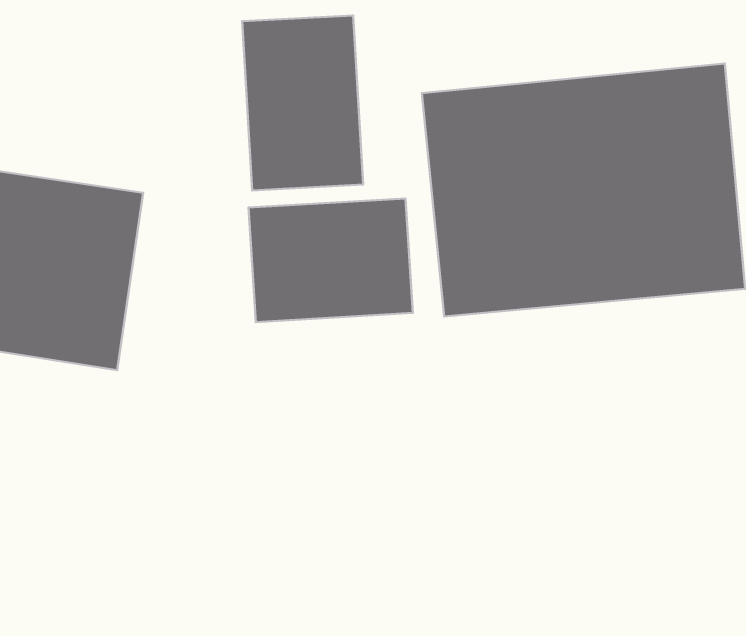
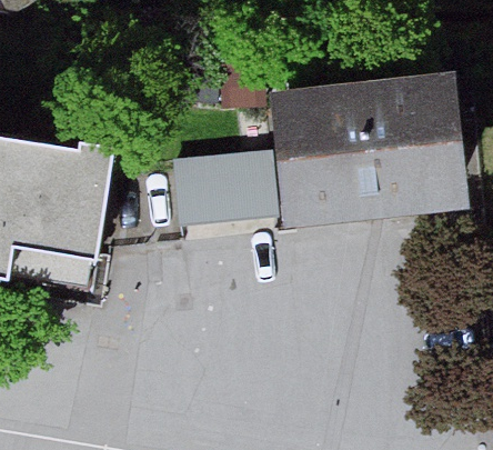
building: [242,15,363,190] -> none

